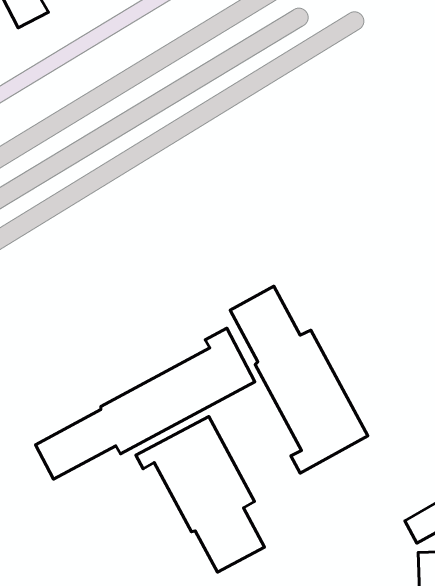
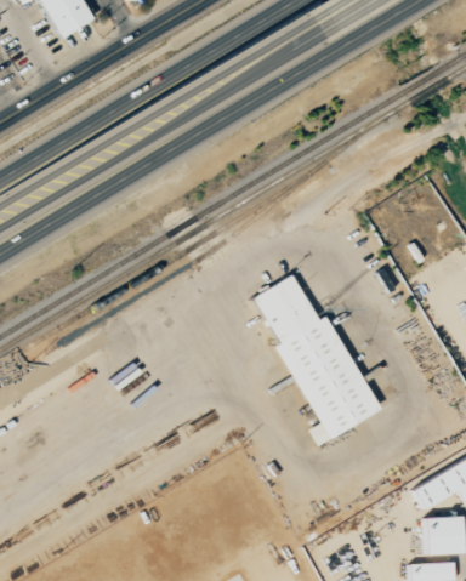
building: [35,328,255,479] -> none
building: [136,416,265,572] -> none

